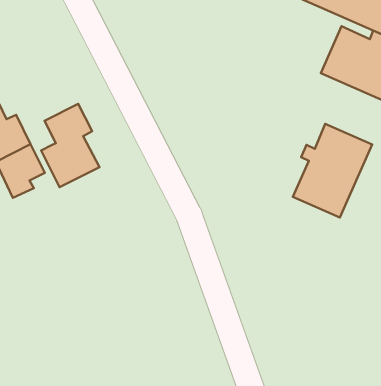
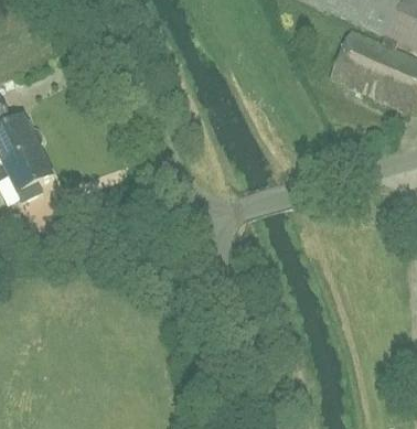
building: [41,104,99,187] -> none
building: [293,124,372,218] -> none

